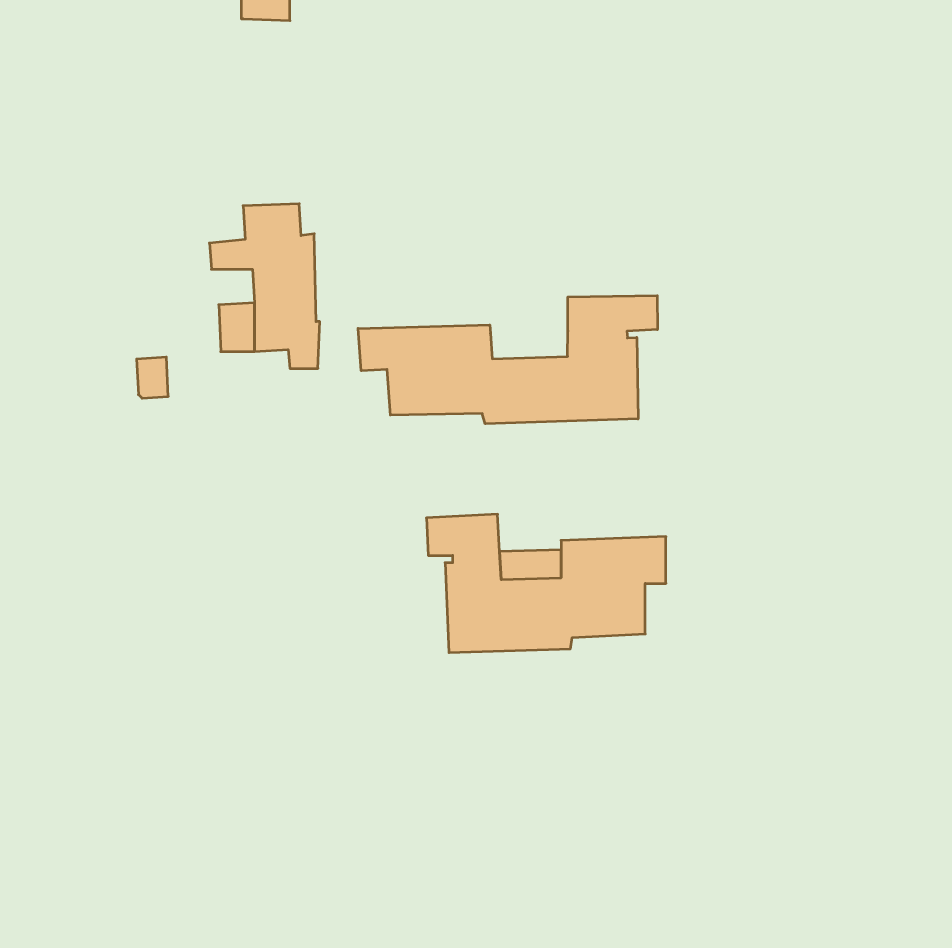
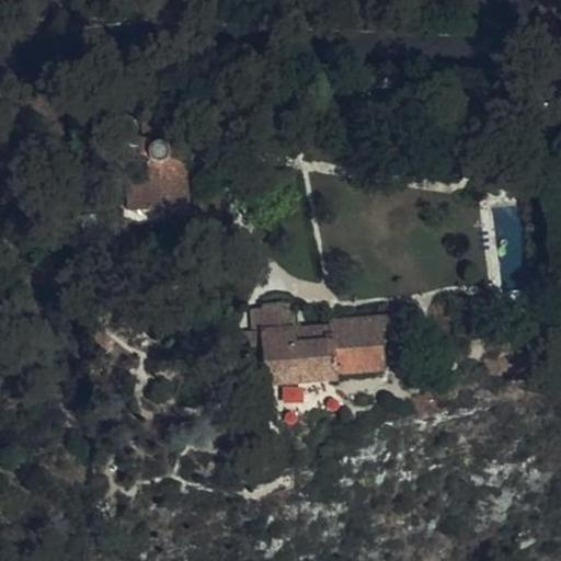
building: [358,296,657,424] -> none

